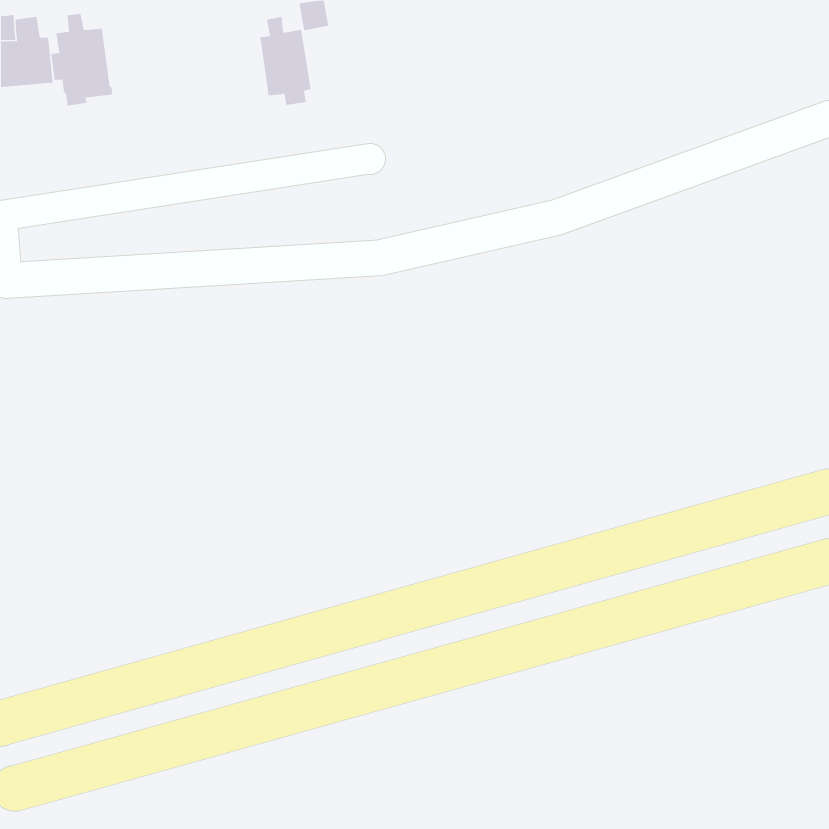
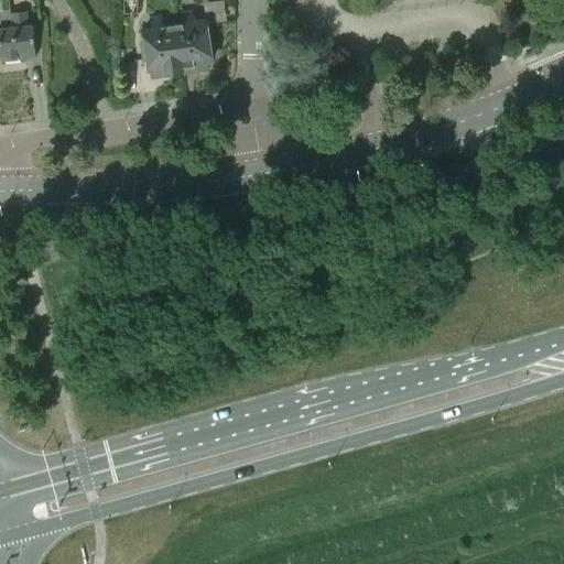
building: [50,14,114,106] -> [141,15,184,78]

